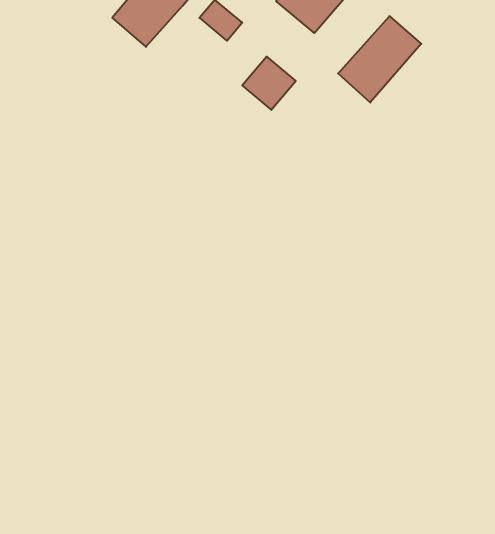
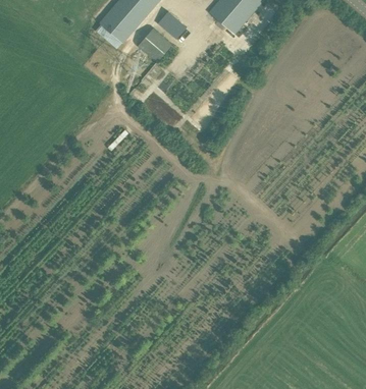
building: [338,16,421,103] -> none
building: [242,57,296,110] -> [137,27,172,63]

